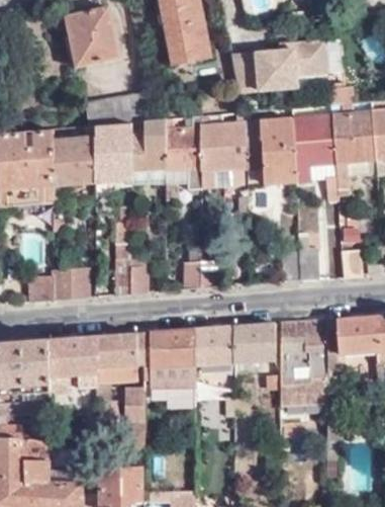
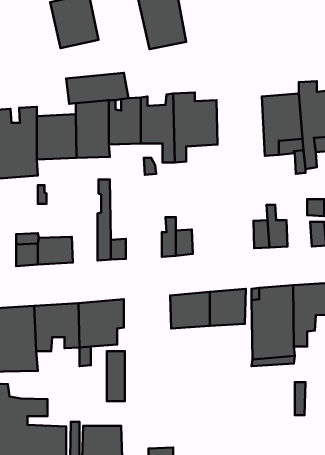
building: [232,41,327,93] -> none
building: [244,117,295,184] -> none
building: [145,331,195,402] -> none

